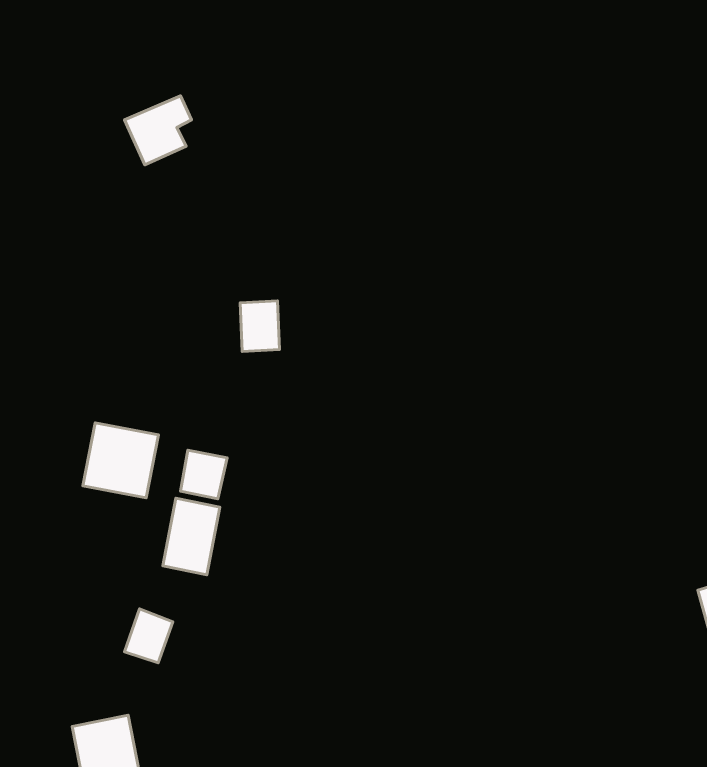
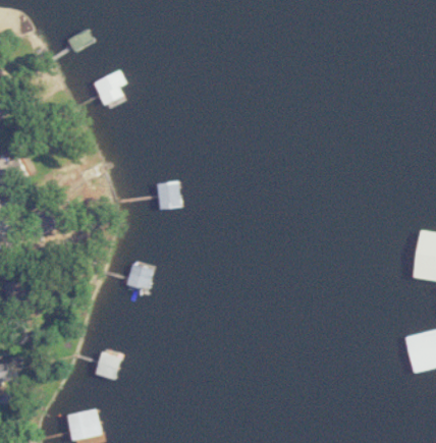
building: [83,423,159,498] -> none
building: [163,498,220,575] -> none

